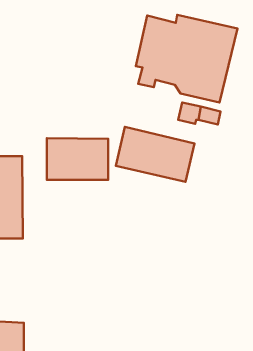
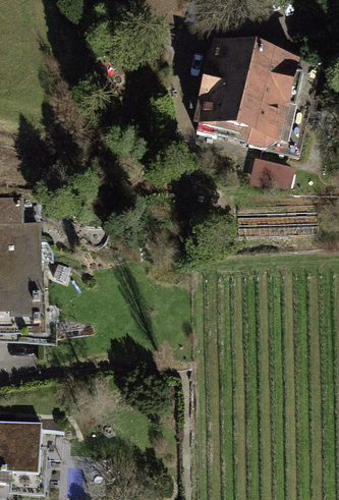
building: [116,127,194,182] -> none
building: [47,138,108,180] -> none

